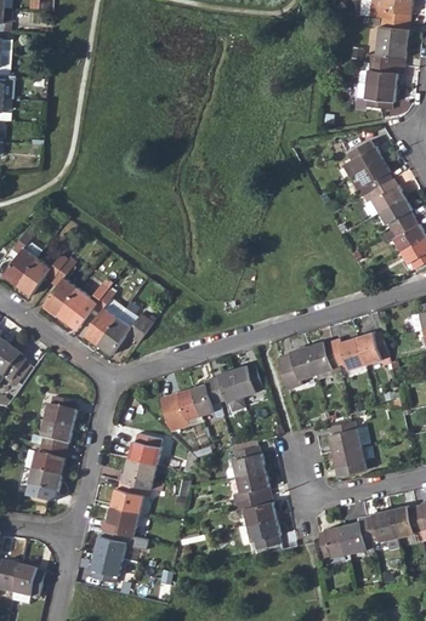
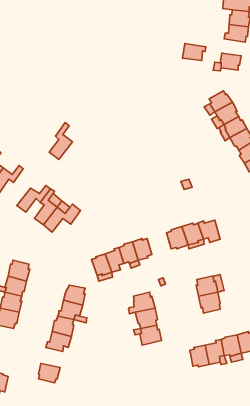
building: [367,62,402,87] -> [183,44,206,60]
building: [42,258,78,314] -> [49,123,72,159]
building: [356,331,388,365] -> none
building: [238,518,279,548] -> none
building: [93,529,127,559] -> none

